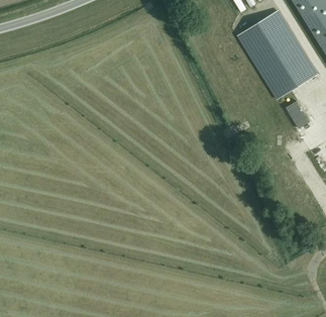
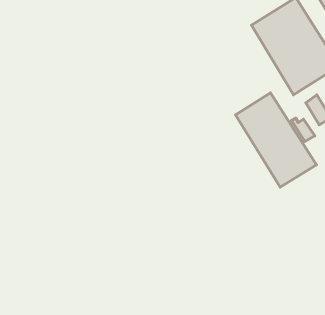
building: none -> [236,93,317,187]

